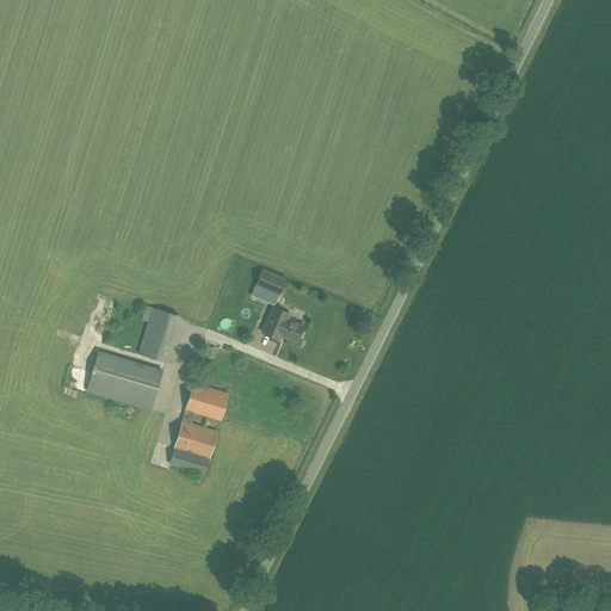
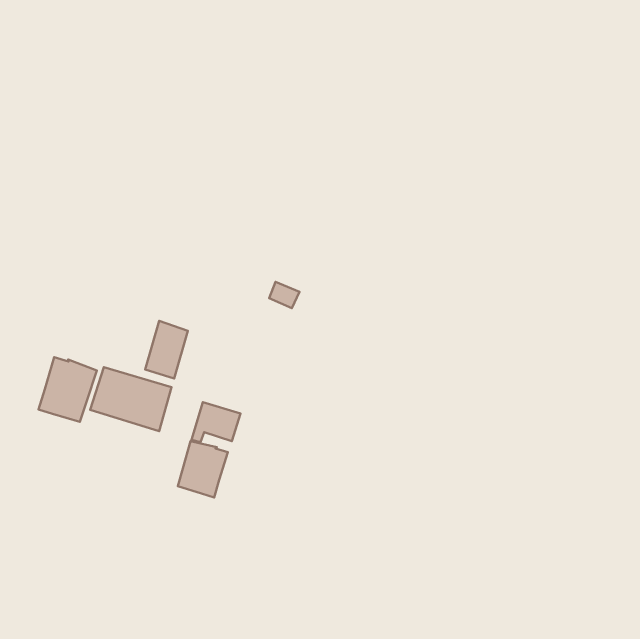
building: [263,306,304,341] -> none
building: none -> [38,357,97,422]

